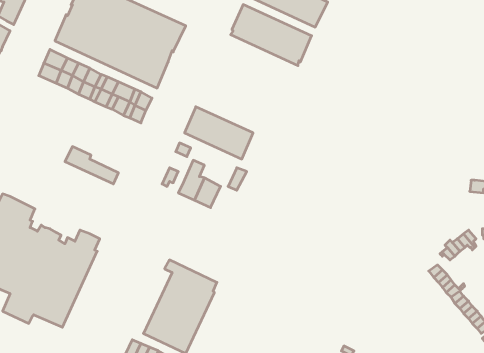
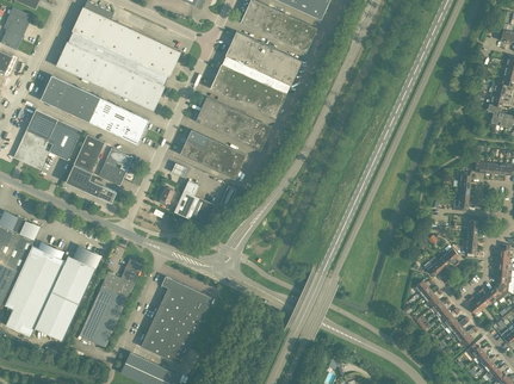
building: none -> [209,60,287,118]
building: none -> [193,97,271,151]
building: none -> [13,109,81,169]
building: none -> [72,134,104,175]
building: none -> [97,147,131,185]
building: none -> [78,259,142,347]

